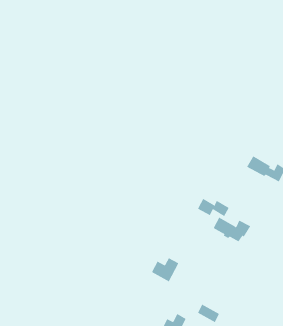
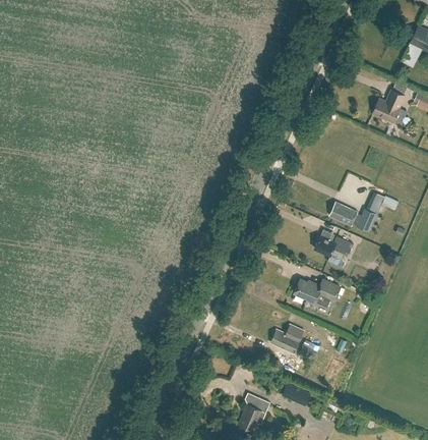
building: [197,198,229,217] -> [314,234,353,255]
building: [151,257,179,282] -> [270,323,303,352]

